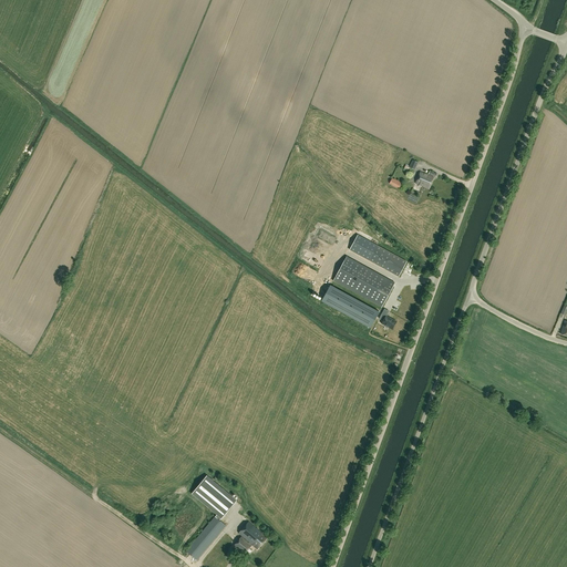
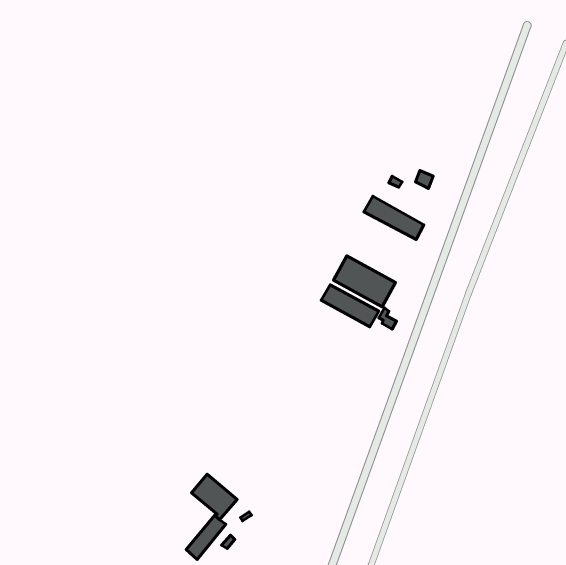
building: [347,233,406,276] -> [364,196,424,239]
building: [234,520,267,554] -> none

